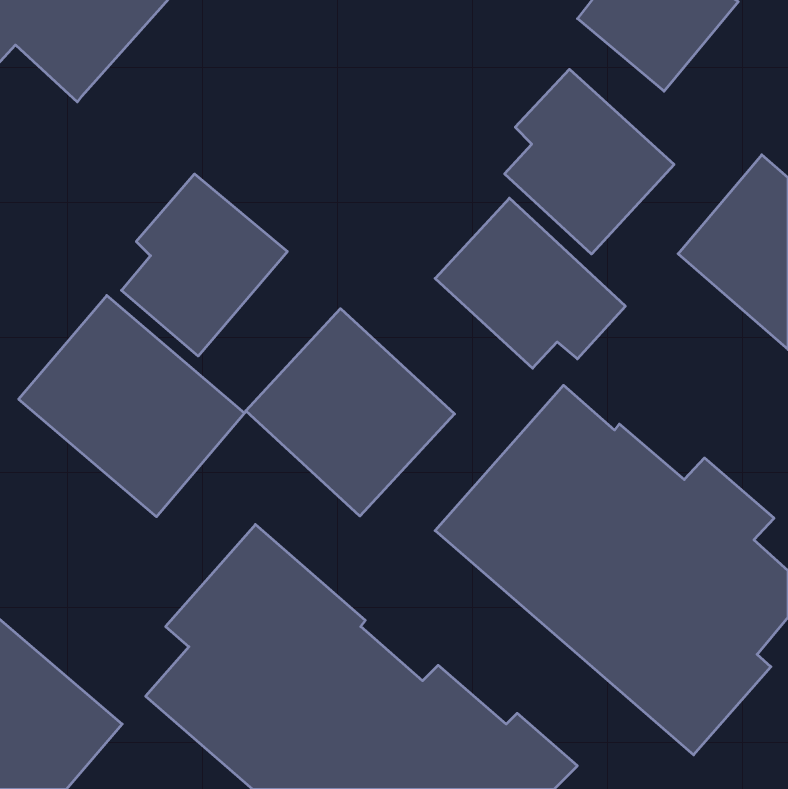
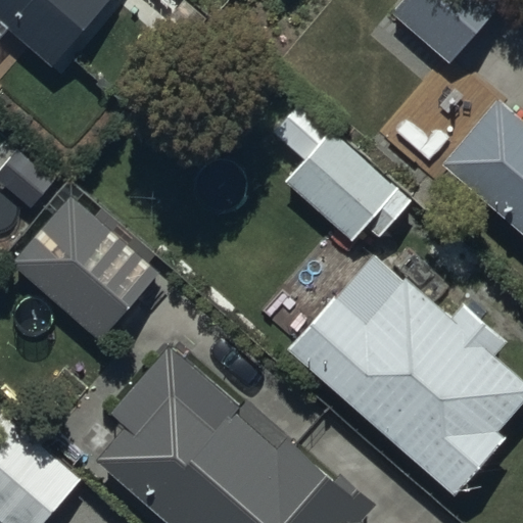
building: [505,69,674,254] -> none
building: [121,174,287,356] -> none
building: [246,309,455,516] -> none

